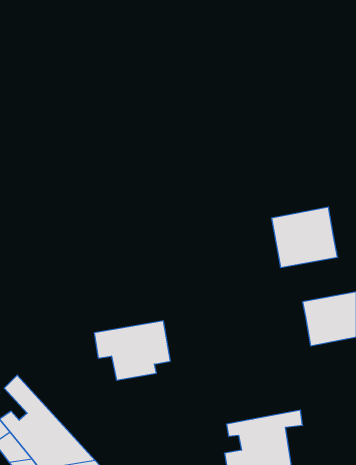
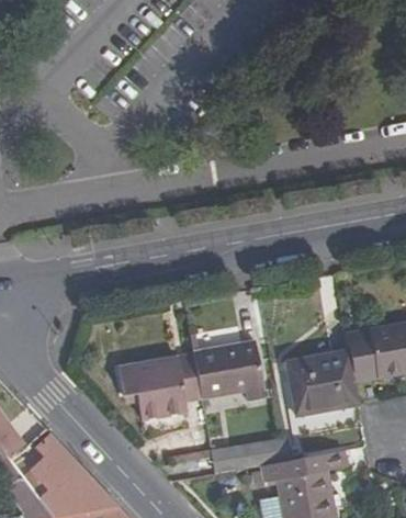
building: [271,207,338,267] -> [285,350,358,416]
building: none -> [192,342,263,401]
building: none -> [210,440,290,475]

